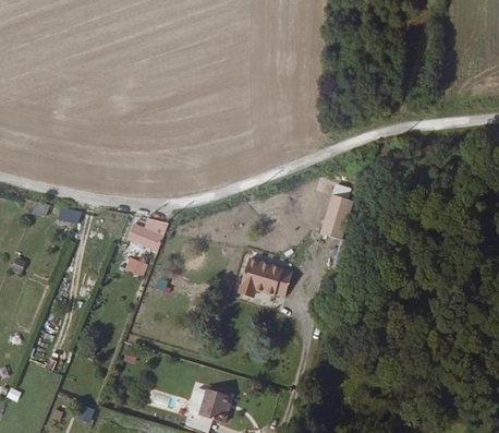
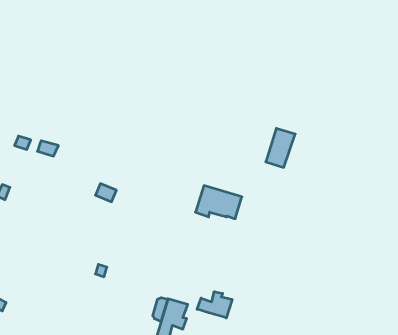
building: [129,219,168,249] -> none
building: none -> [197,292,232,318]

